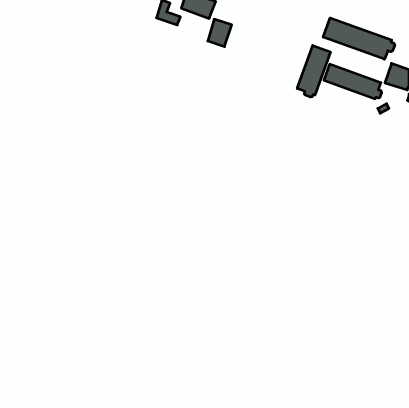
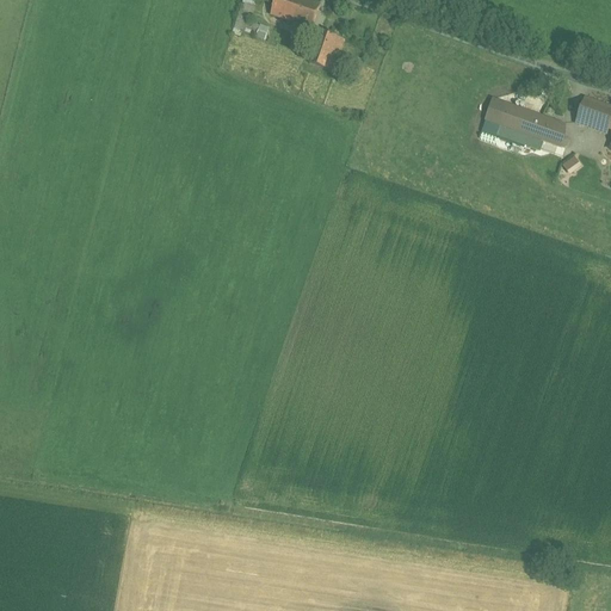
building: [323,18,395,59] -> none
building: [297,45,330,97] -> none

